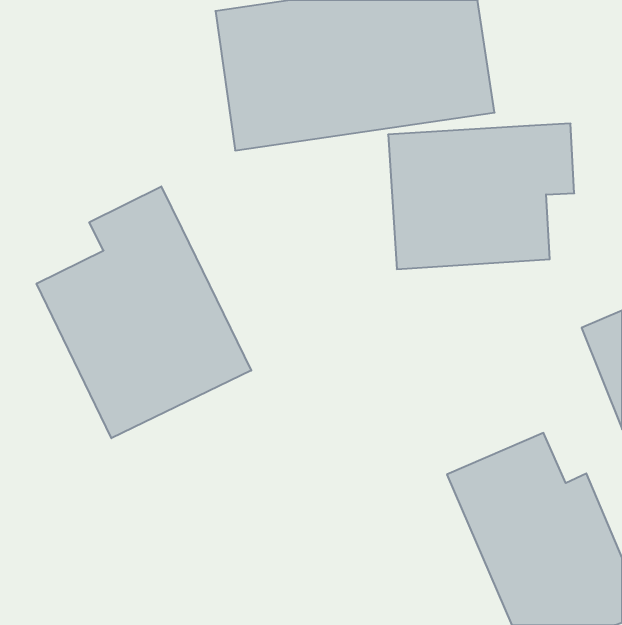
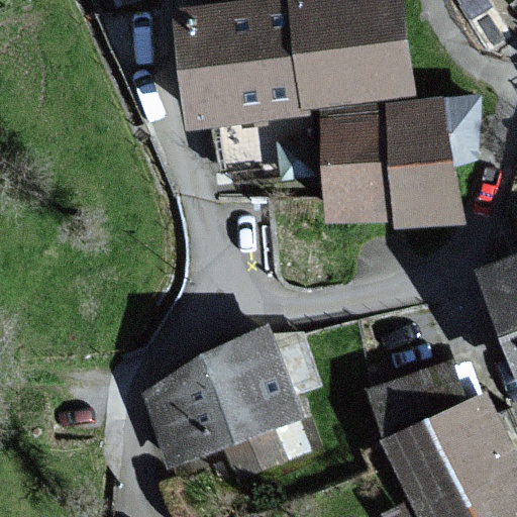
building: [37,186,251,438] -> none
building: none -> [140,328,307,483]

